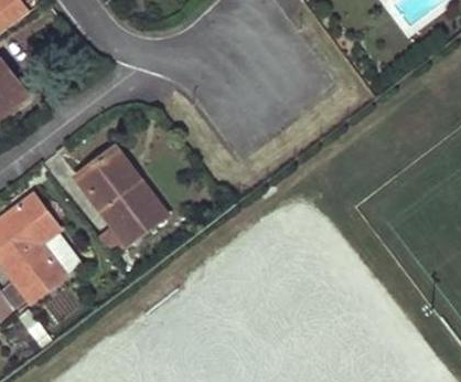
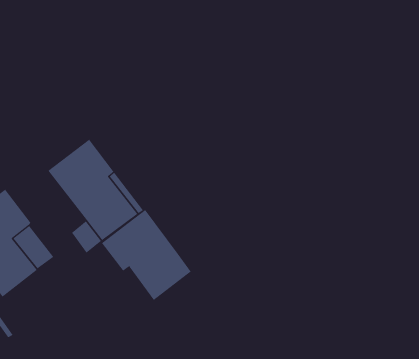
building: none -> [101,209,192,301]

